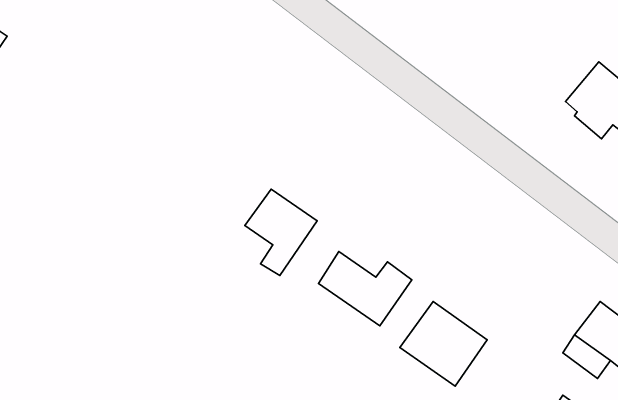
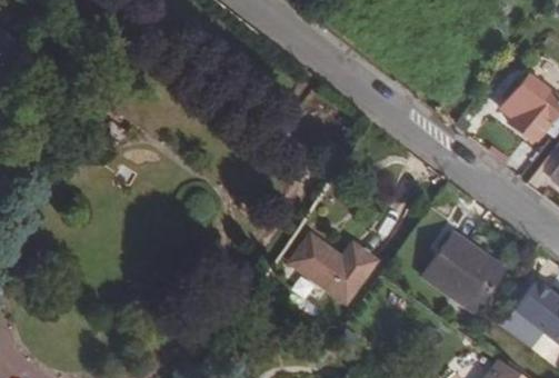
building: [245,189,317,276] -> none
building: [400,302,487,386] -> [422,233,498,307]

